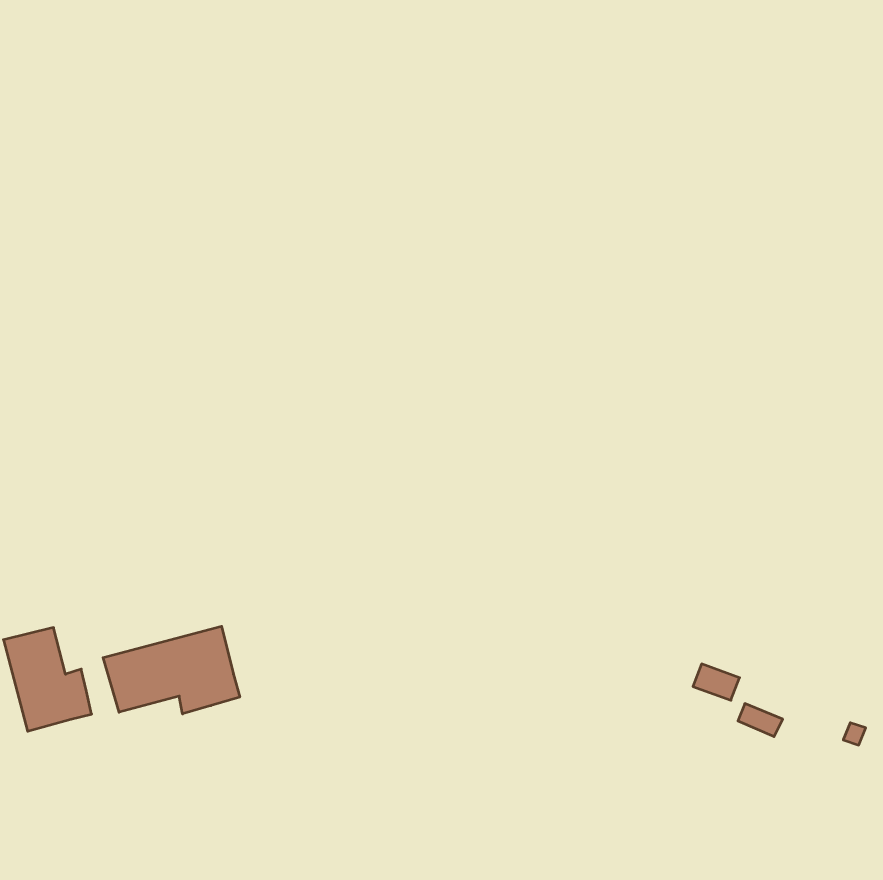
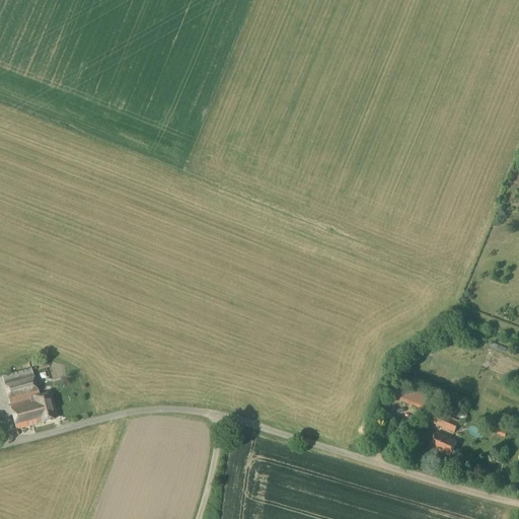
building: [103,626,240,714] -> none
building: none -> [429,432,456,456]

